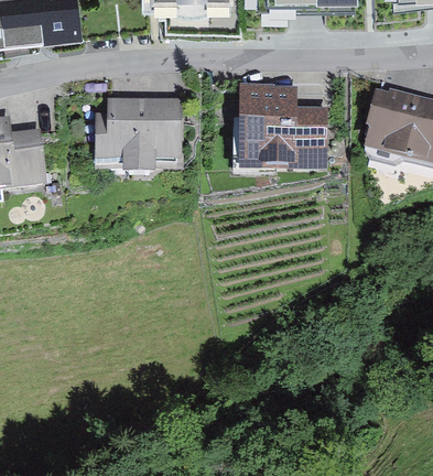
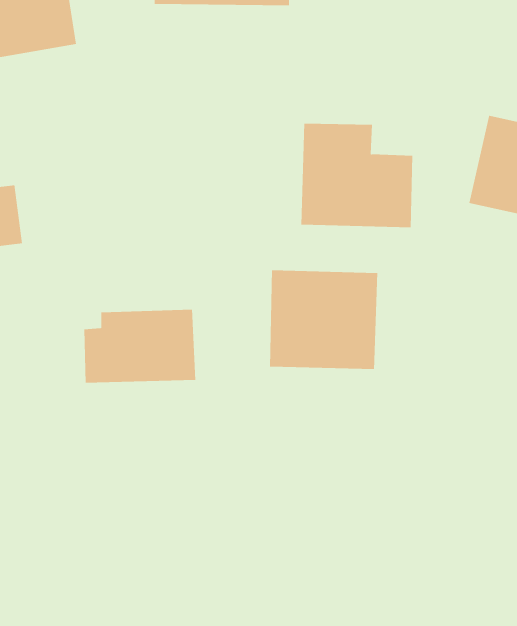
building: [98,106,178,159] -> [83,309,196,383]
building: none -> [270,270,378,370]

